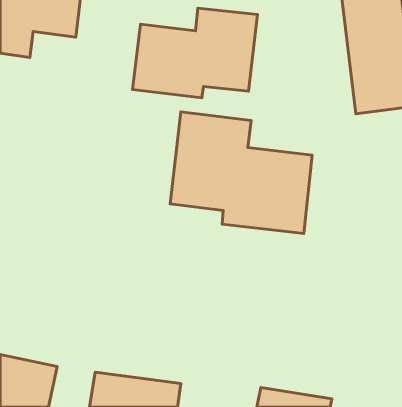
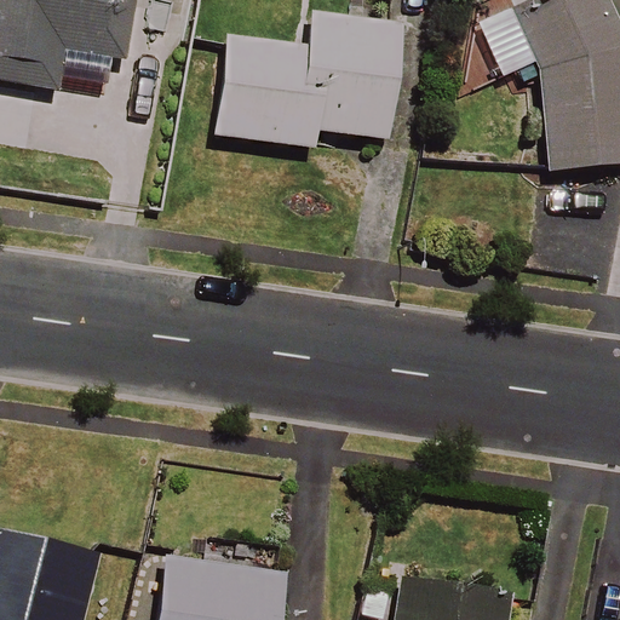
building: [170,112,312,234] -> none

